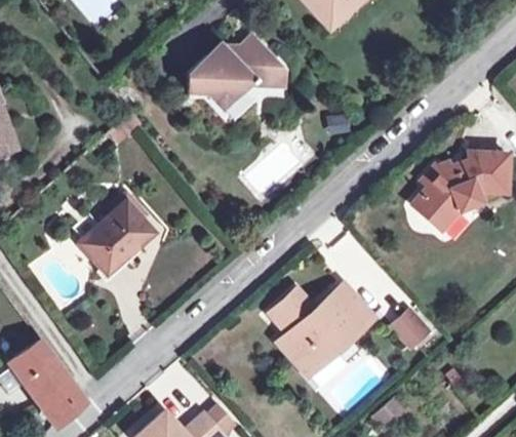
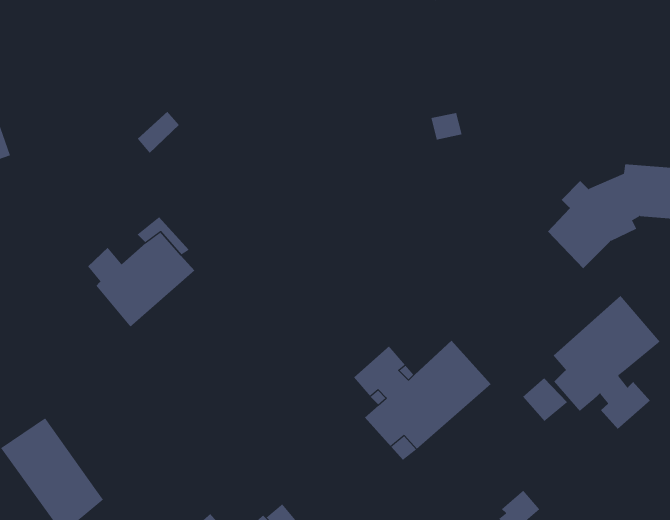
building: [189,38,286,109] -> none
building: none -> [553,295,660,430]

